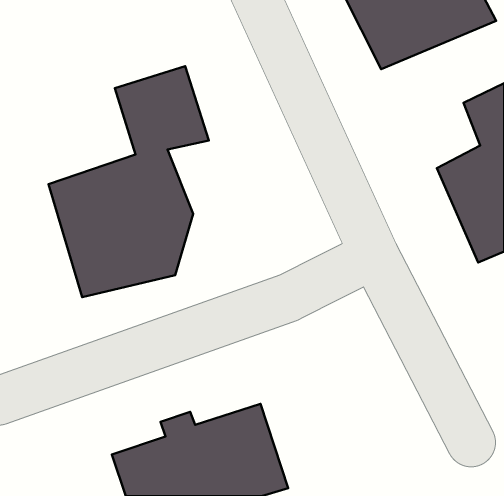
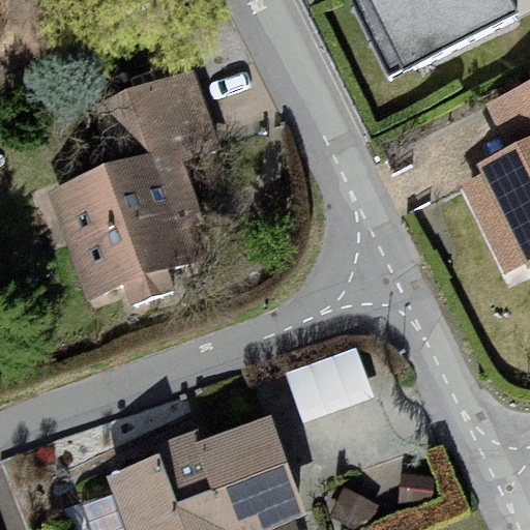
building: none -> [292,337,373,399]

